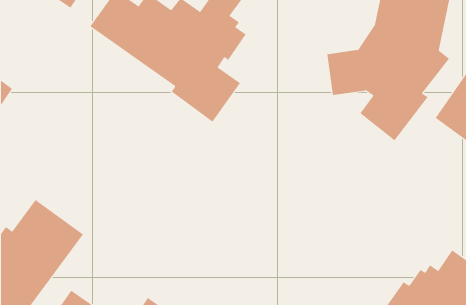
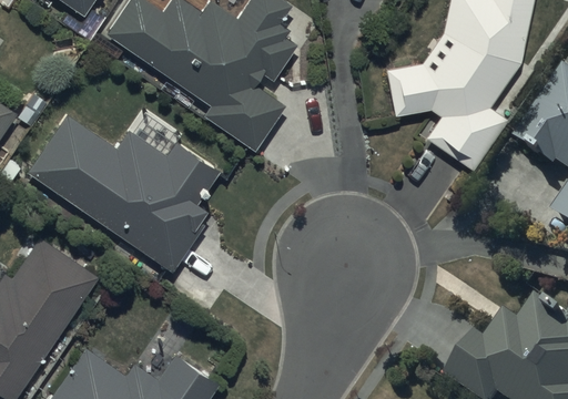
building: none -> [28,113,217,268]

